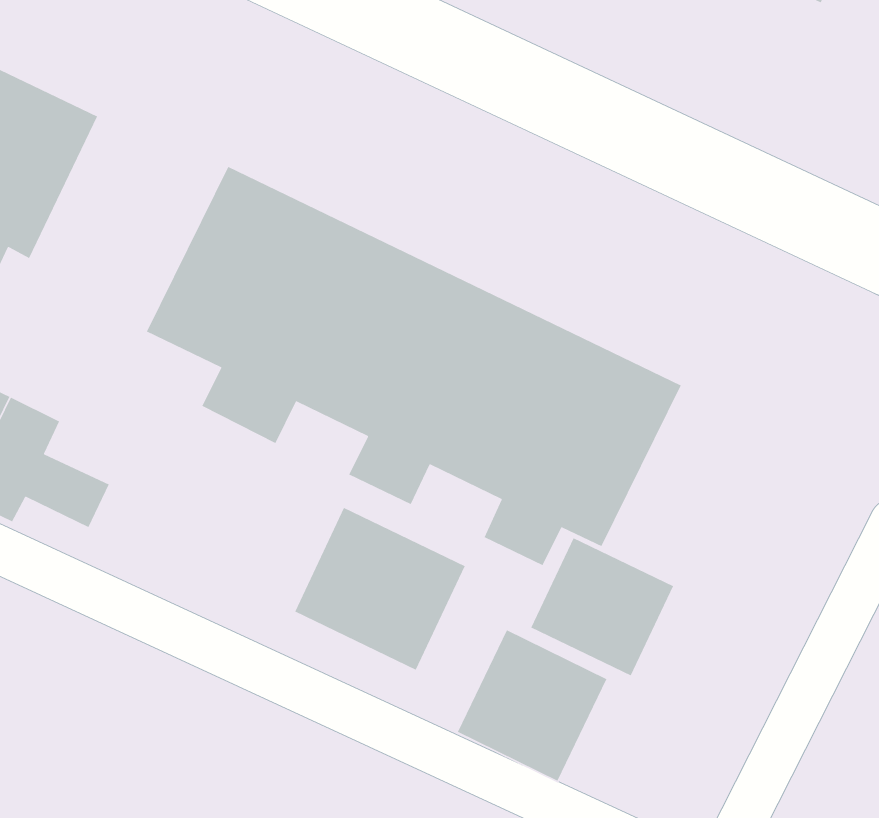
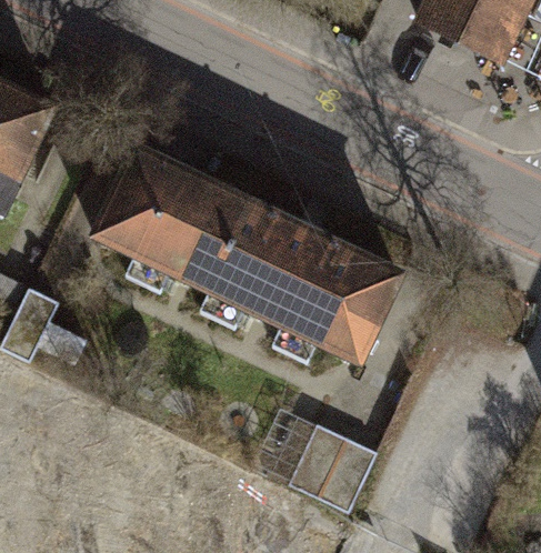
building: [294,507,466,671] -> none
building: [530,537,674,677] -> none

